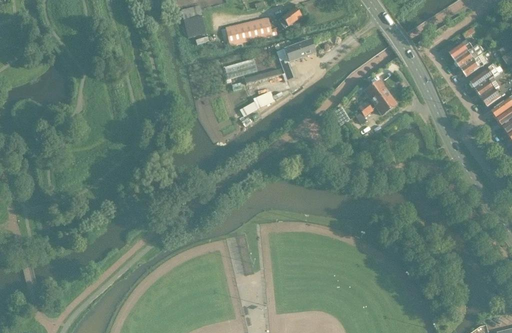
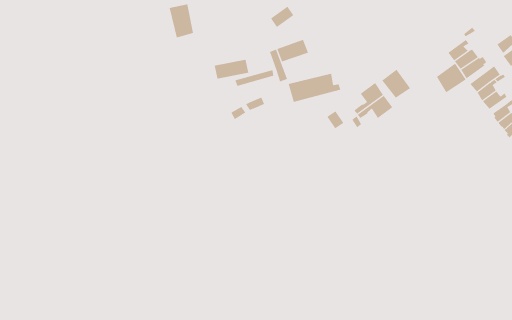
building: [227,17,278,45] -> [288,73,341,103]
building: none -> [436,63,467,93]
building: none -> [382,69,411,99]

